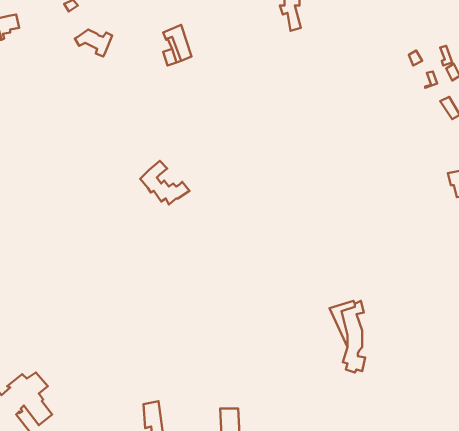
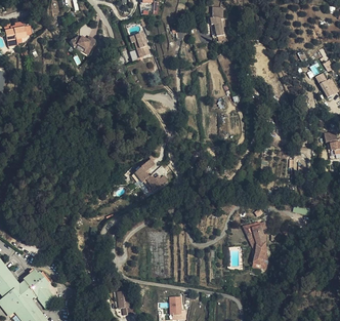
building: [140,161,190,204] -> [134,160,168,190]

